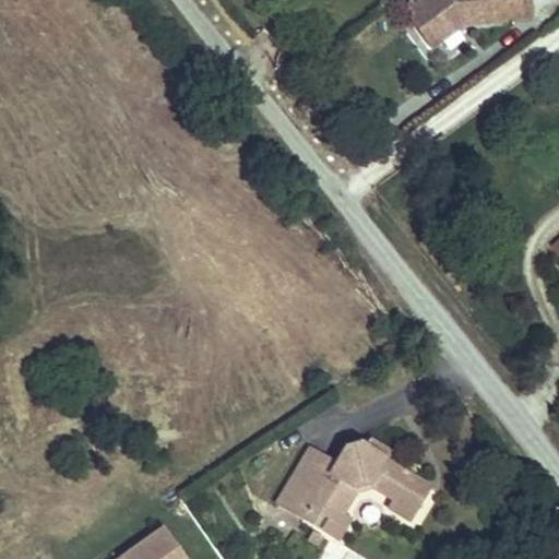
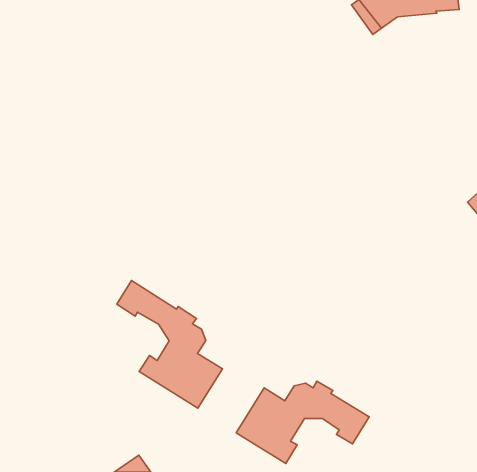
building: none -> [117,281,222,408]

